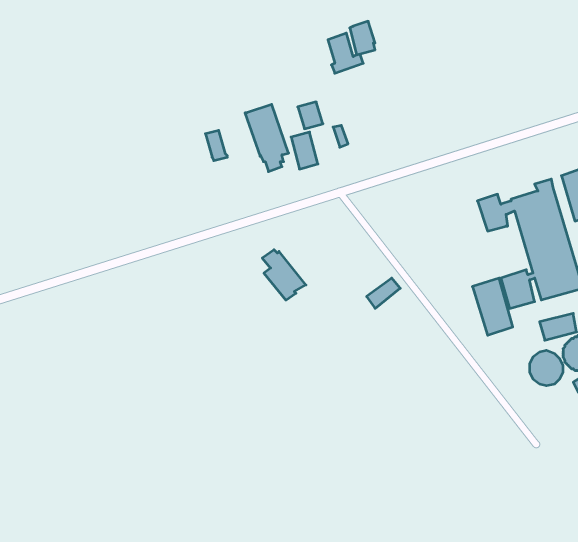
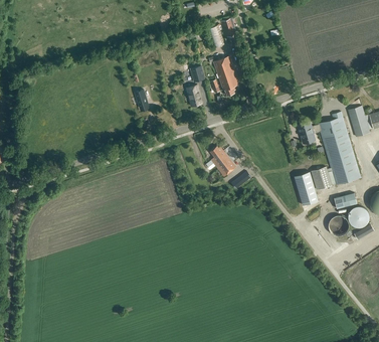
building: [245,104,289,172] -> [213,56,239,97]
building: [262,250,306,300] -> [210,147,236,177]

